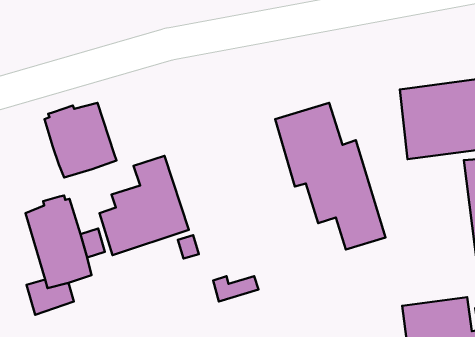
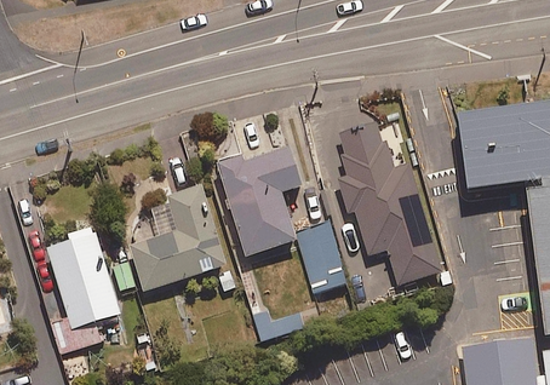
building: [44,103,117,178] -> none
building: none -> [216,145,303,257]
building: none -> [300,220,349,293]

